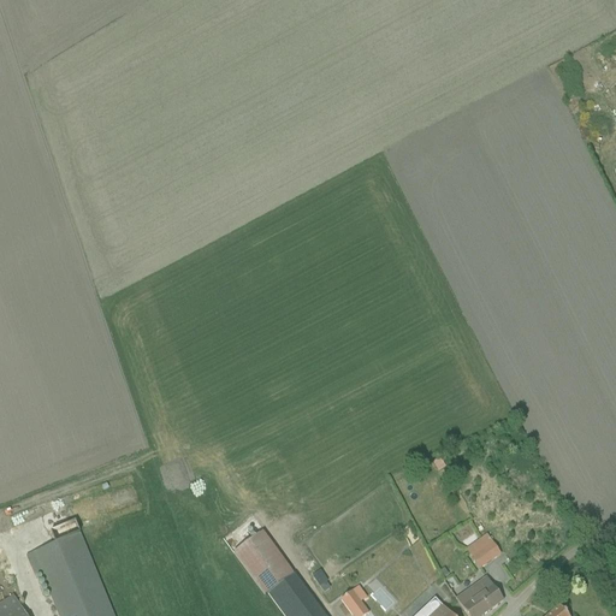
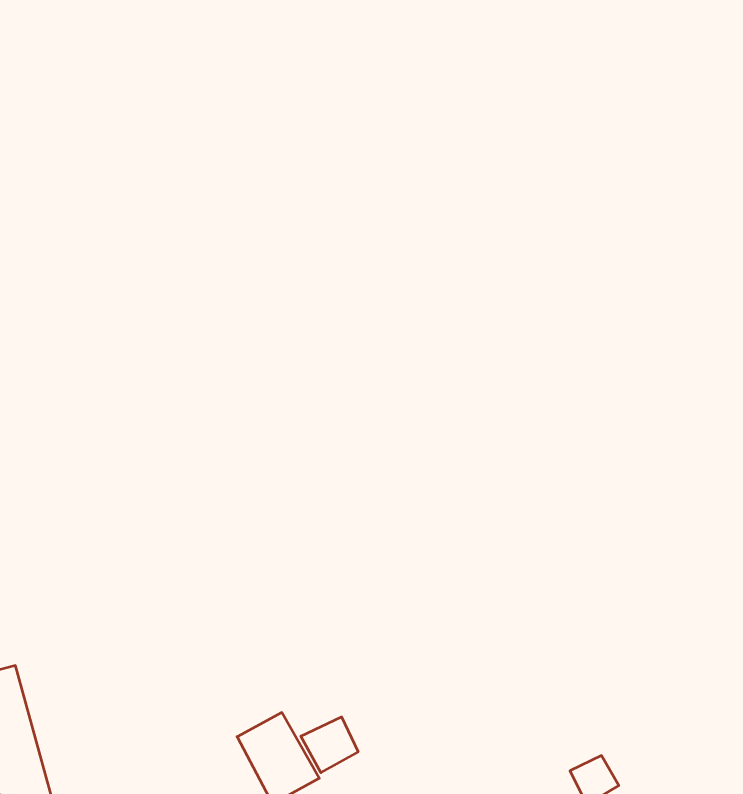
building: none -> [301,717,358,773]

